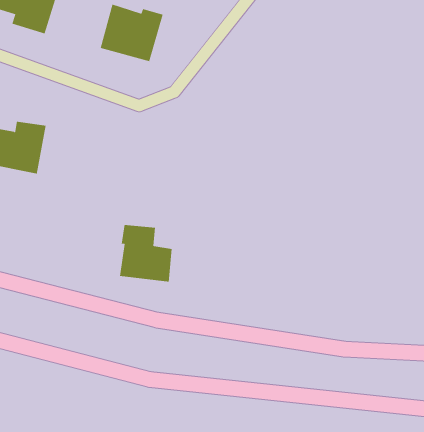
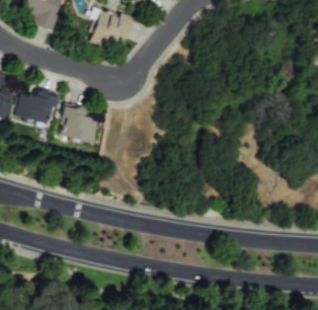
building: [119,224,173,282] -> [60,103,95,142]

